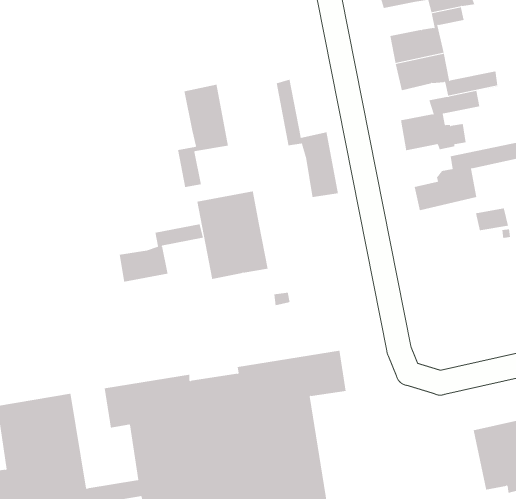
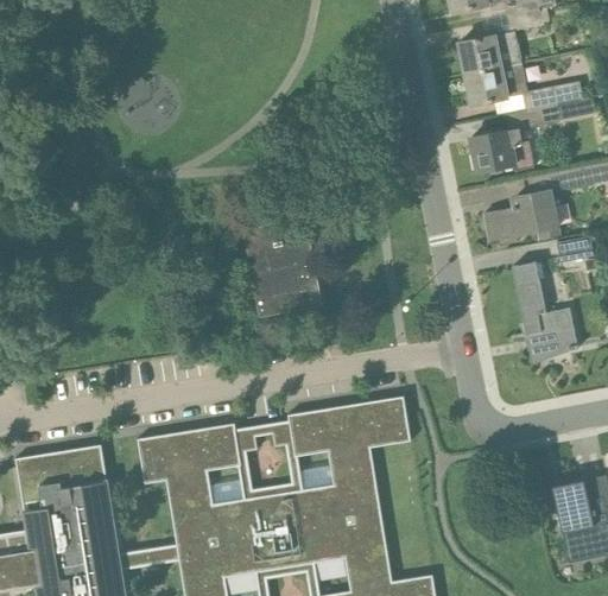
building: [276,79,339,198] -> none
building: [177,84,229,188] -> none
building: [119,224,204,282] -> none
building: none -> [511,262,577,355]

